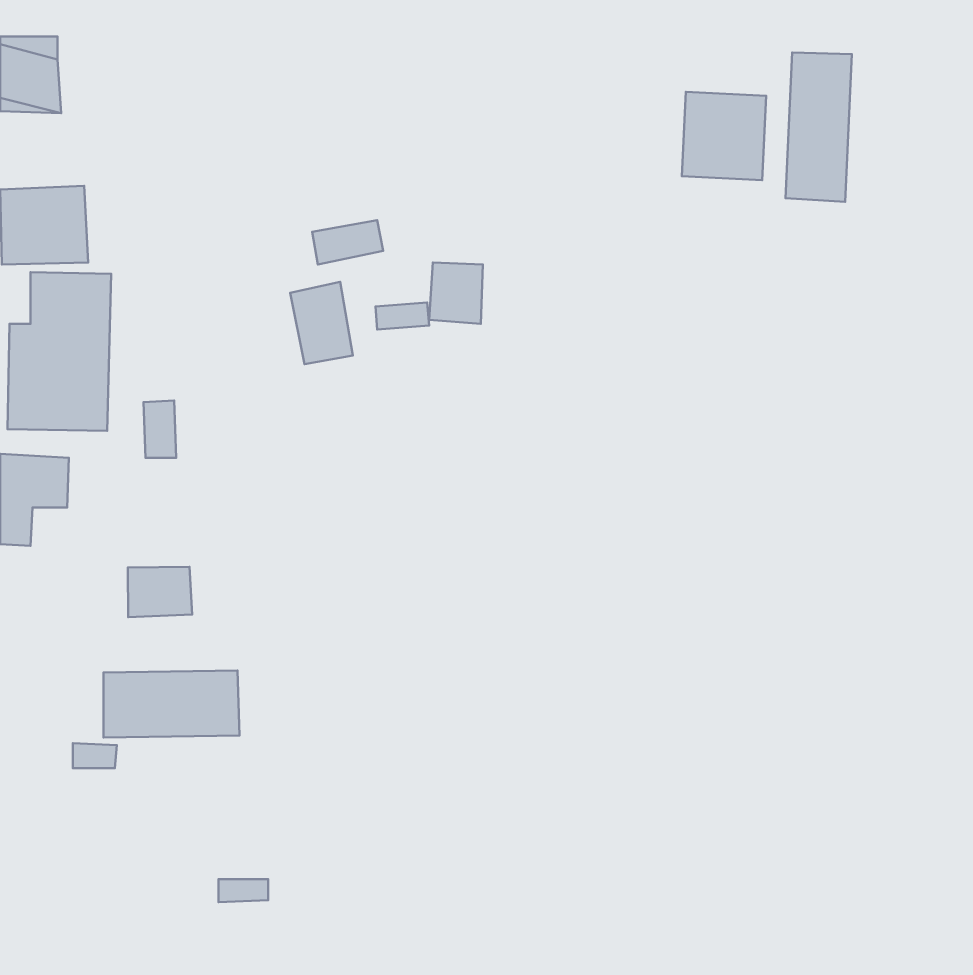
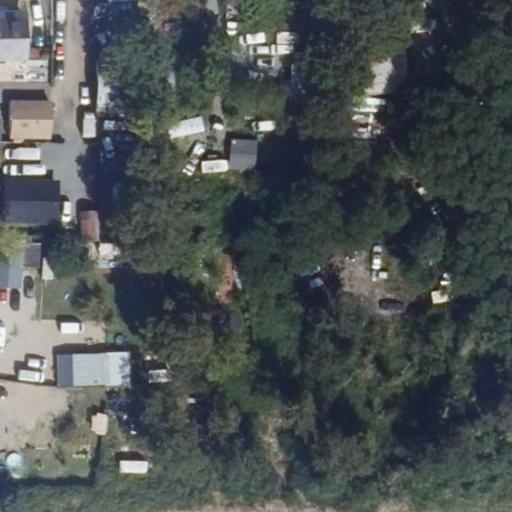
building: [786,53,852,202] -> none
building: [290,282,353,364] -> none
building: [128,567,192,617] -> none

